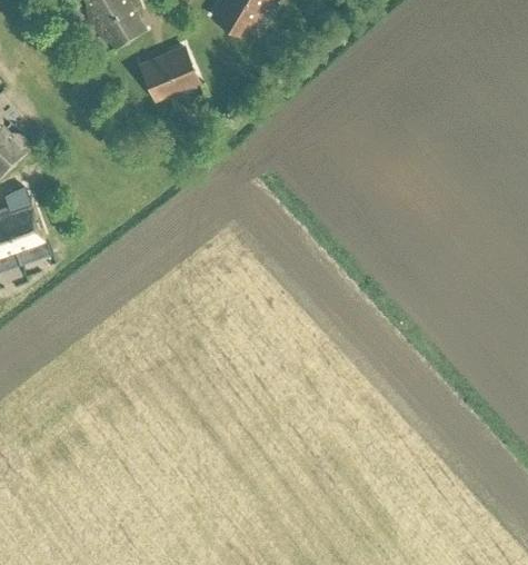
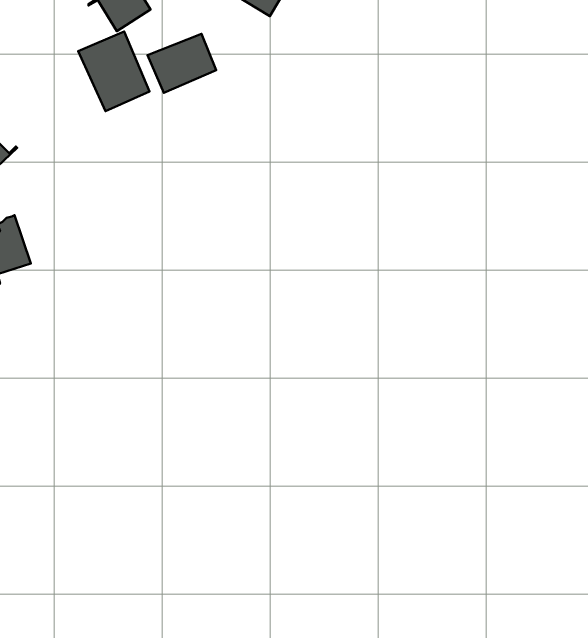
building: none -> [78,31,149,111]

